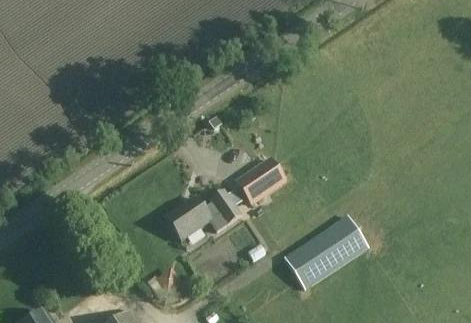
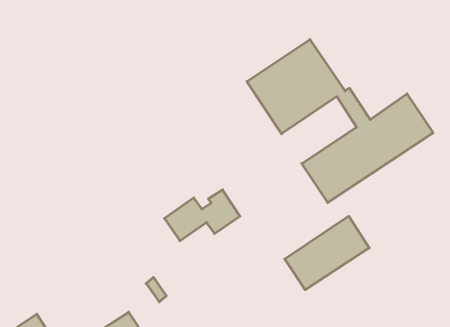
building: none -> [247,39,433,203]
building: [237,158,288,204] -> none

